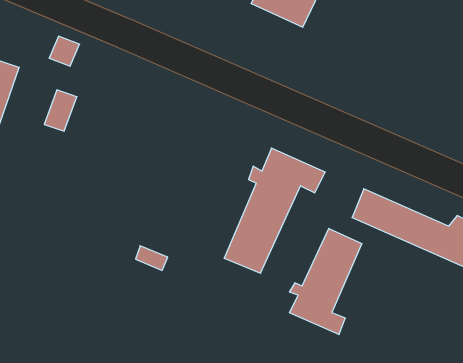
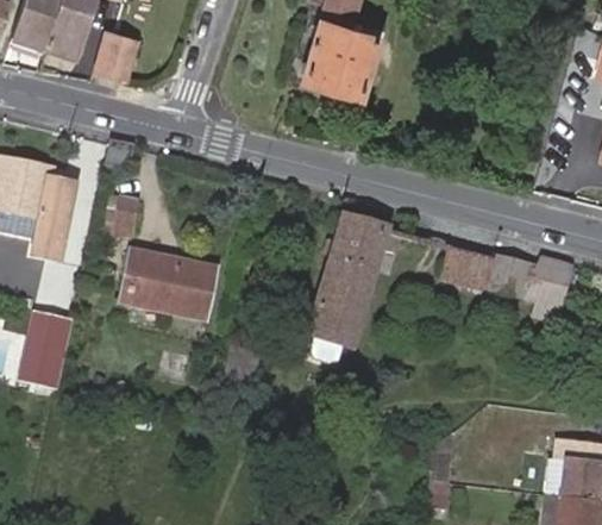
building: none -> [119,250,217,317]
building: [289,228,362,335] -> none

